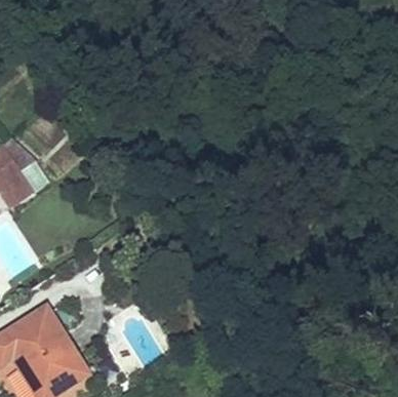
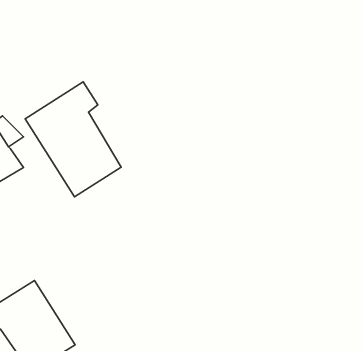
building: none -> [25,82,121,197]

